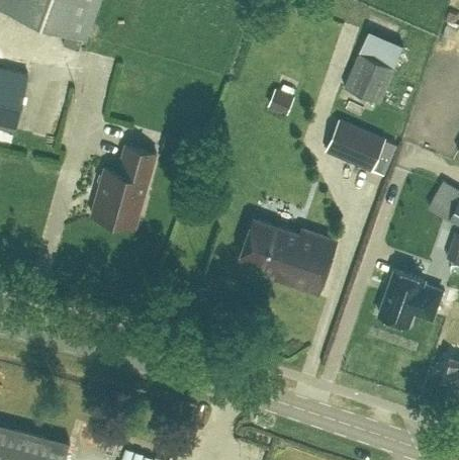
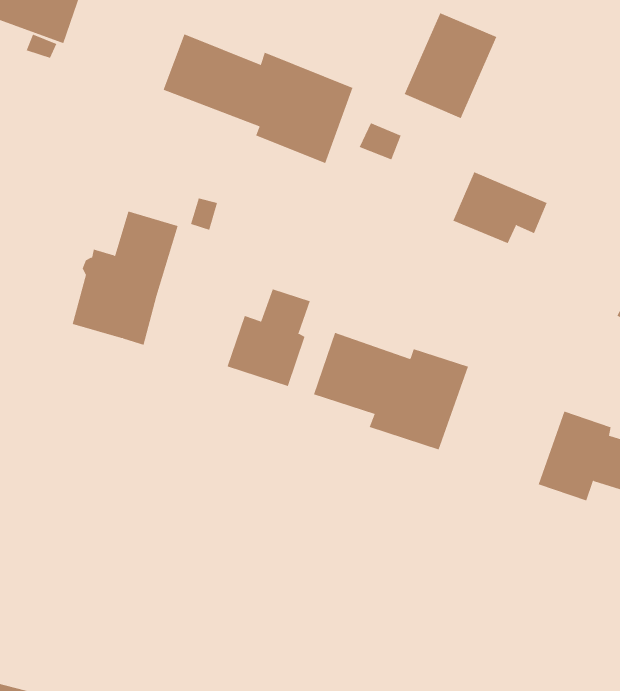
building: none -> [163,34,353,164]
building: [343,37,400,103] -> [404,12,497,119]
building: none -> [227,288,311,387]

